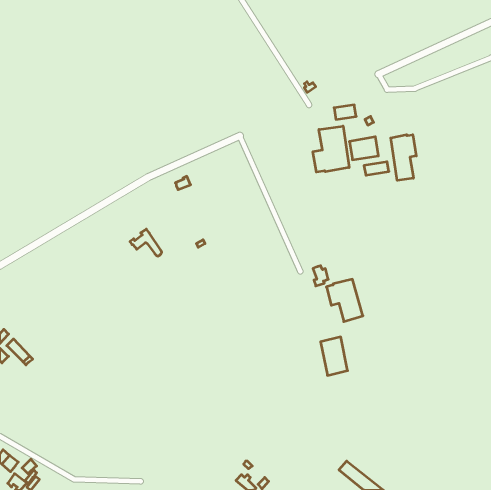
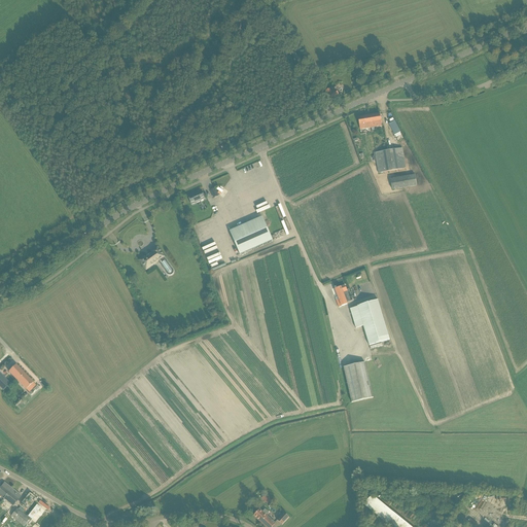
building: [313,126,349,172] -> none
building: [391,135,416,180] -> none
building: none -> [229,214,272,252]

